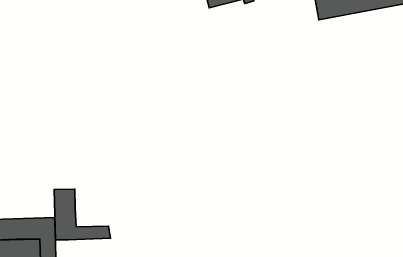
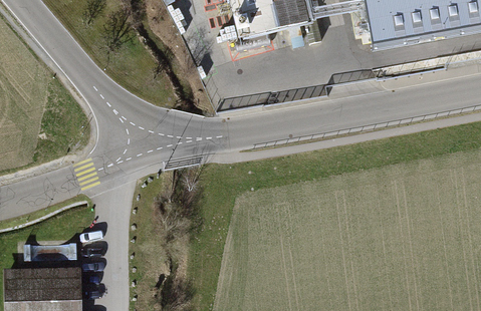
building: [54,189,110,240] -> none

